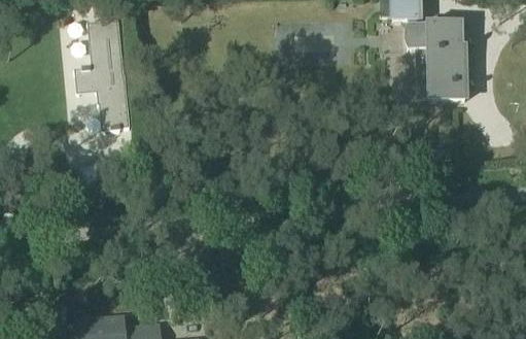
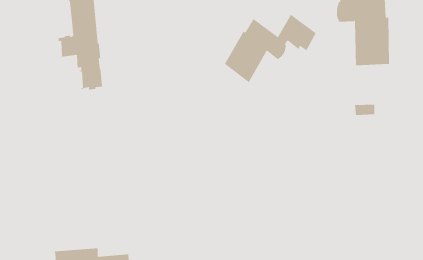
building: none -> [224,14,316,83]

